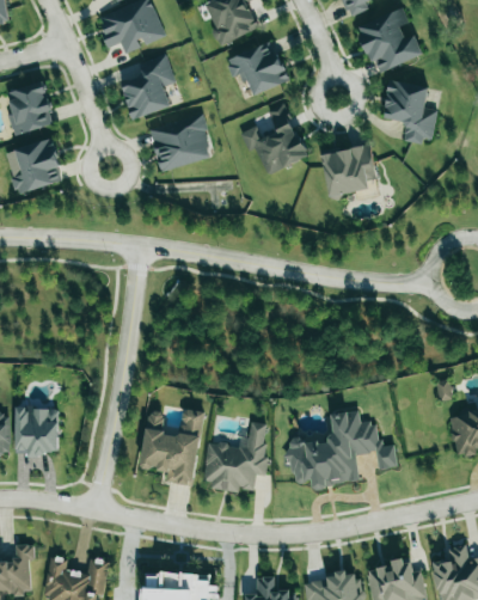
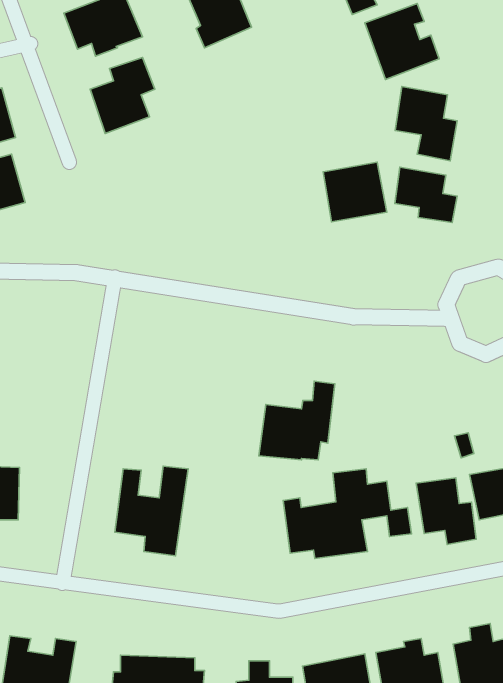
building: [226,41,288,94] -> none
building: [240,102,307,173] -> none
building: [148,115,213,171] -> none
building: none -> [395,167,457,223]
building: none -> [416,478,476,545]
building: [202,421,268,489] -> [259,381,335,460]

